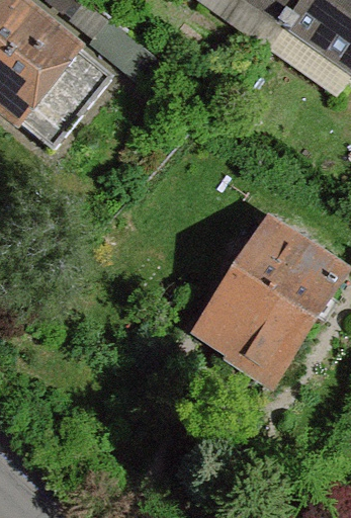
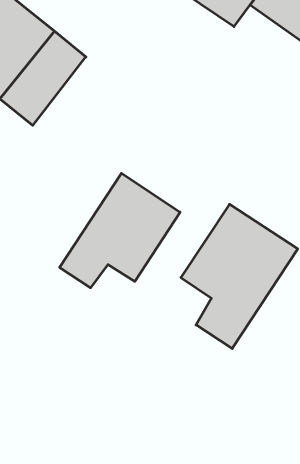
building: none -> [60,173,180,288]

